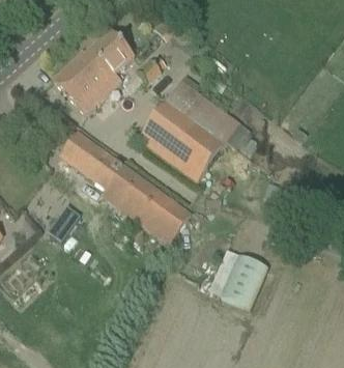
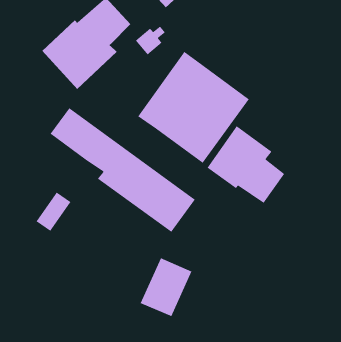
building: none -> [206,125,285,204]
building: [218,257,265,311] -> [140,257,193,317]

